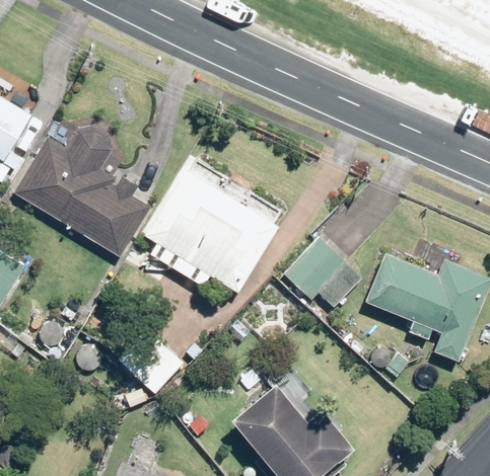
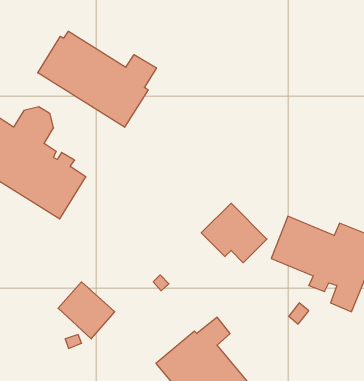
building: none -> [38,31,156,127]
building: [144,168,279,293] -> none

